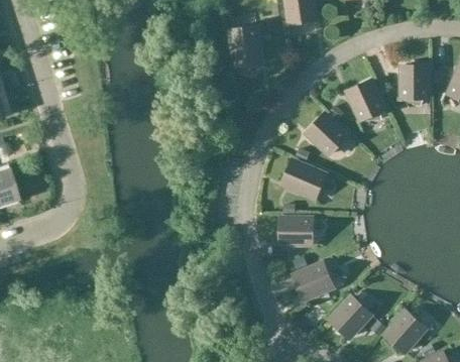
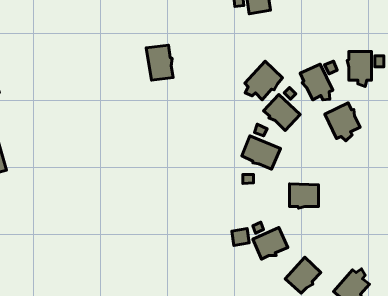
building: [230,27,260,67] -> [146,45,173,80]
building: none -> [245,61,282,100]
building: none -> [325,103,360,141]
building: [279,219,312,246] -> [290,184,318,208]

